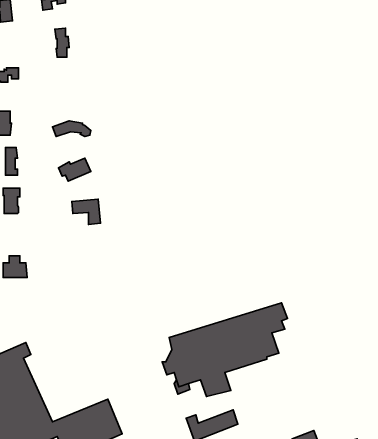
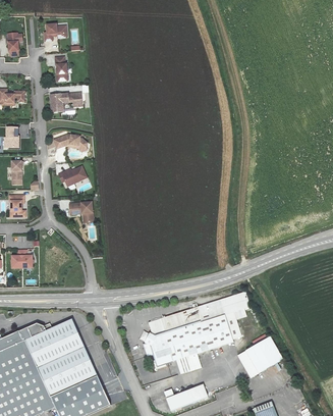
building: none -> [48,96,79,114]
building: none -> [26,317,98,393]
building: none -> [238,334,283,375]

